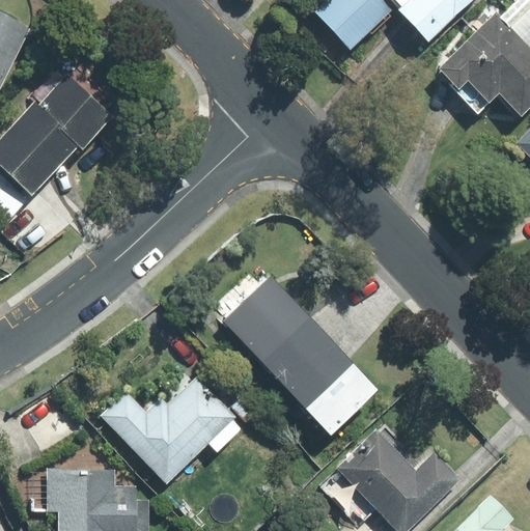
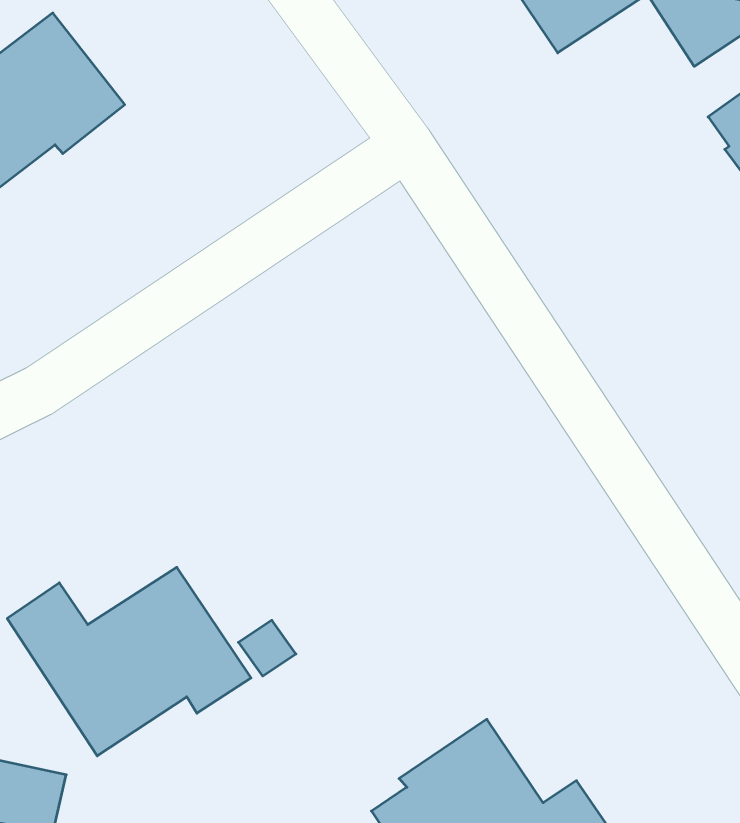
building: [220,273,372,432] -> none

